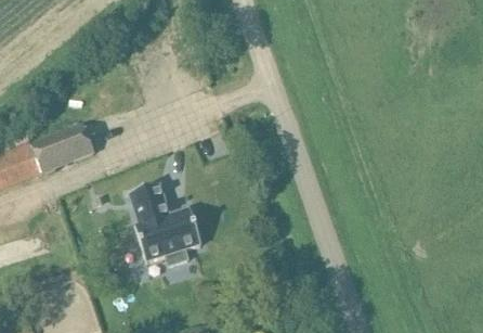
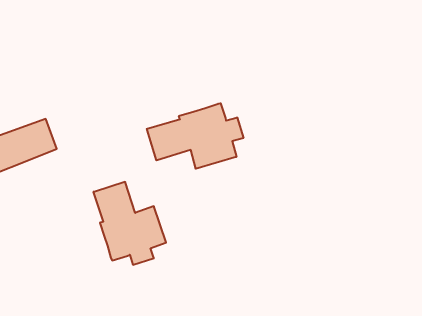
building: none -> [147,103,243,169]

